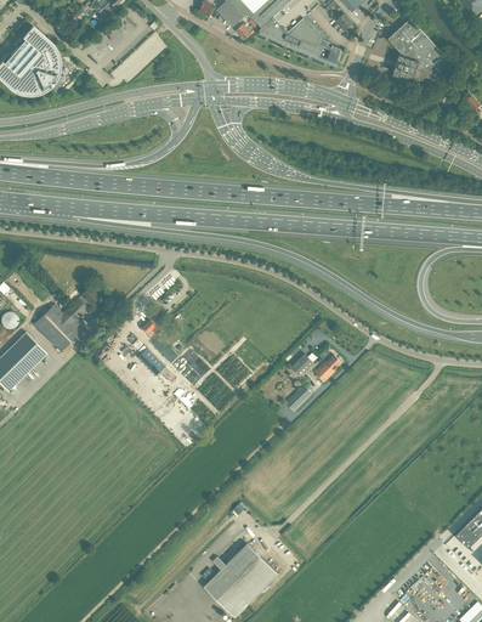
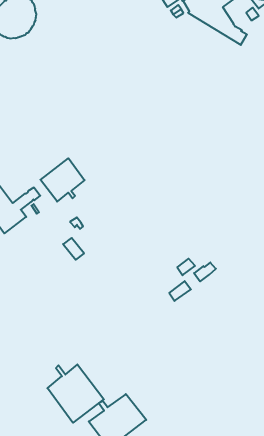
building: none -> [40,158,85,202]
building: none -> [47,364,104,423]

